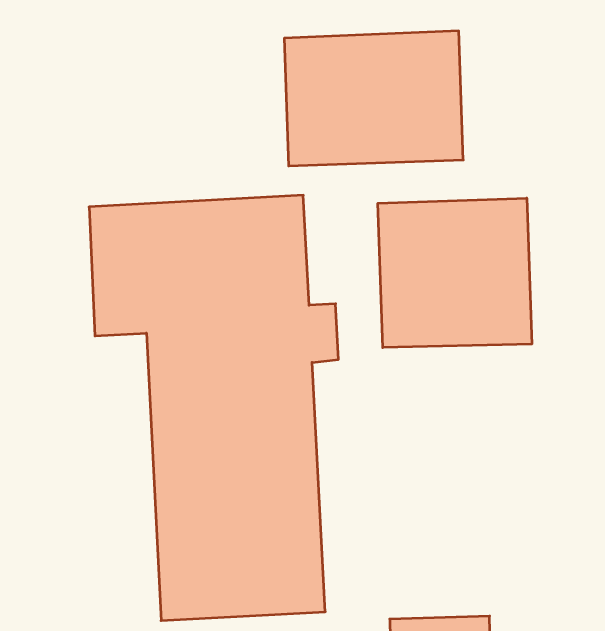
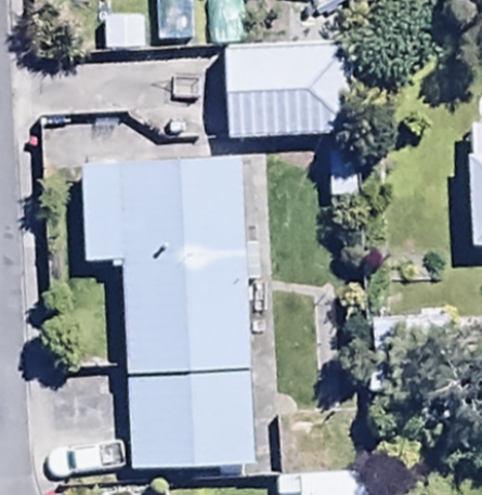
building: [378,198,532,348] -> none

